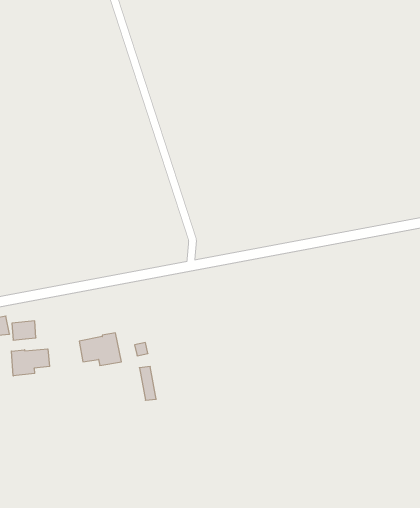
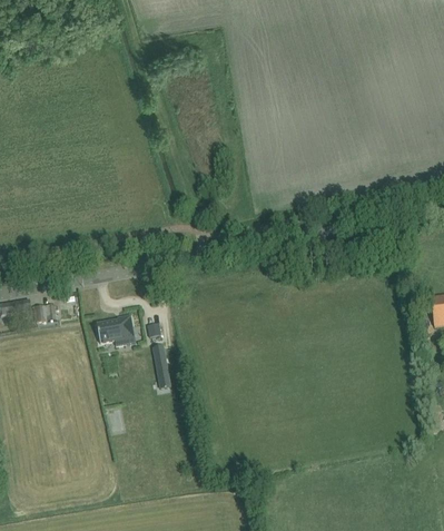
building: [11,349,50,376] -> none

